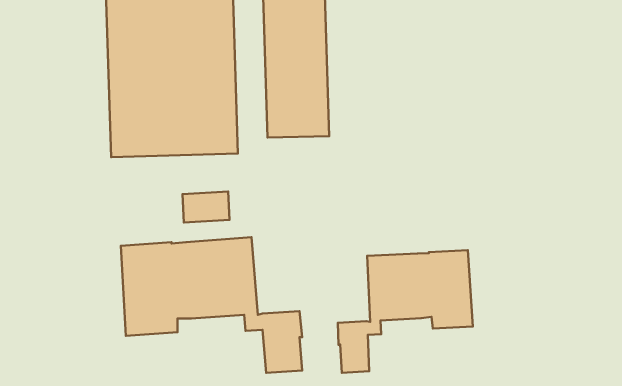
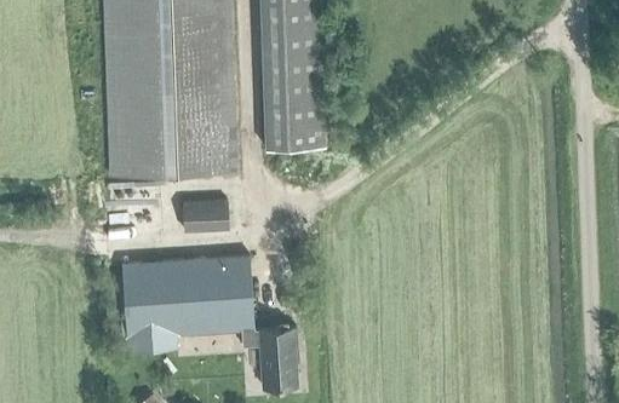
building: [338,250,473,373] -> none

